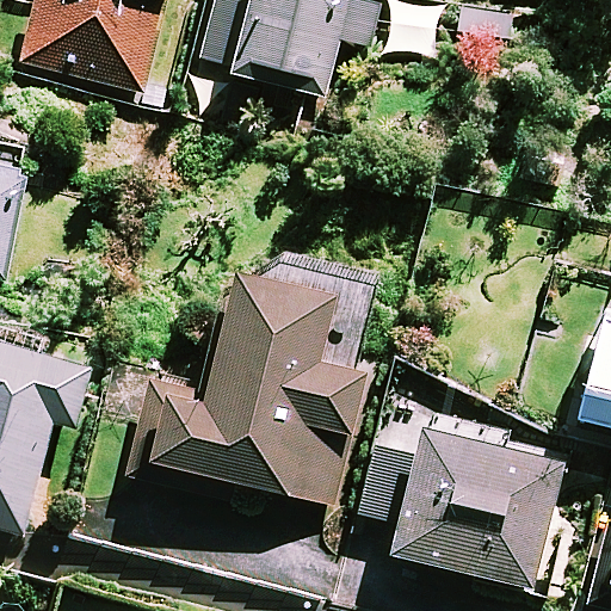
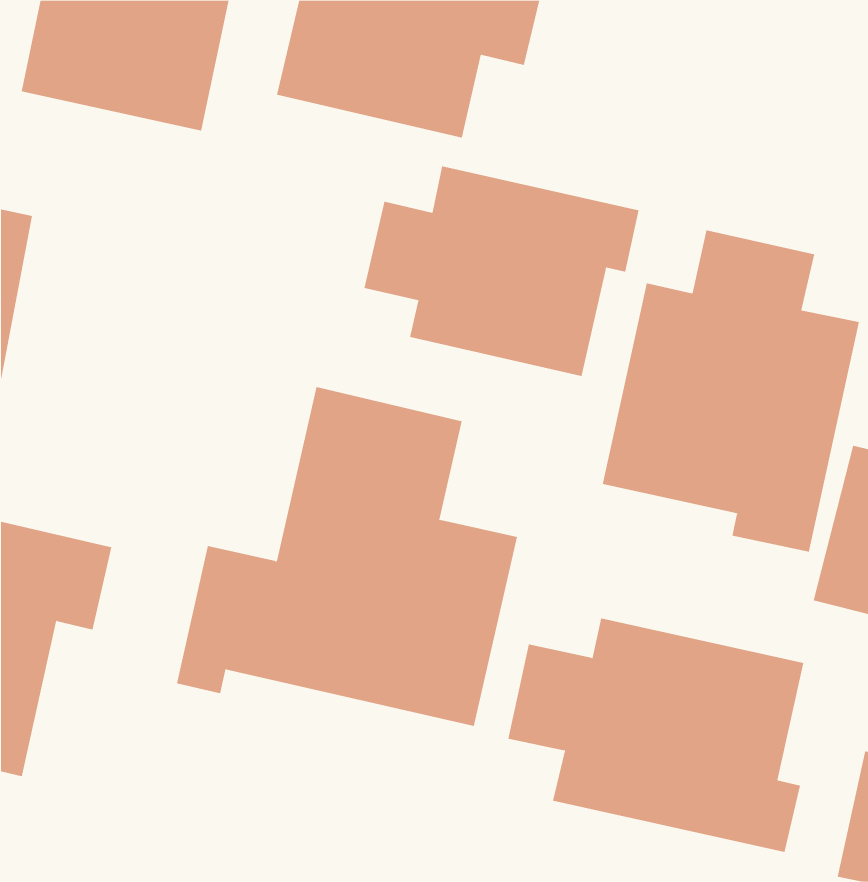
building: none -> [364,165,639,377]
building: none -> [602,230,860,553]

